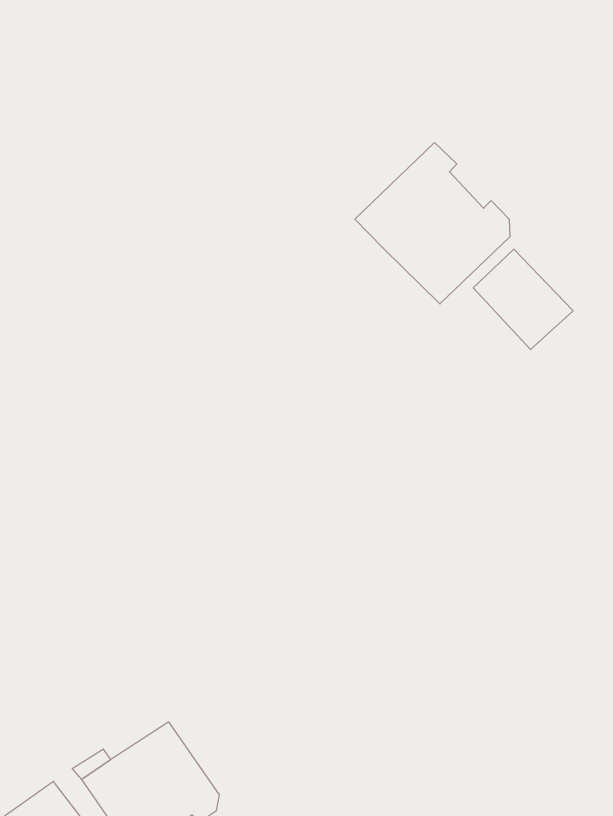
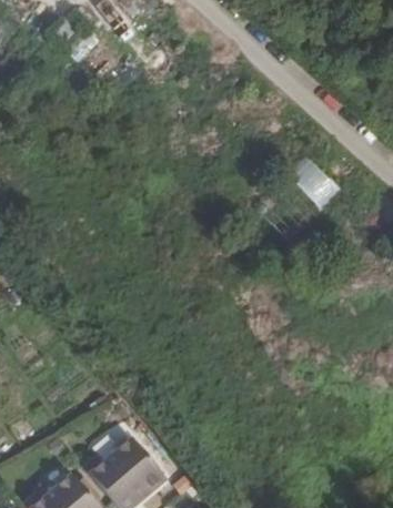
building: [355,143,510,304] -> none

